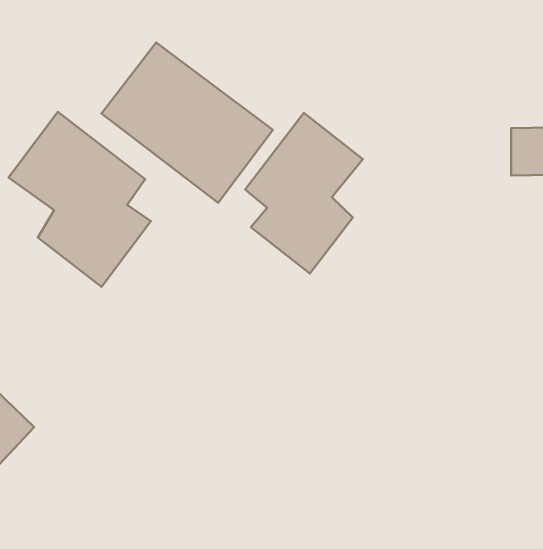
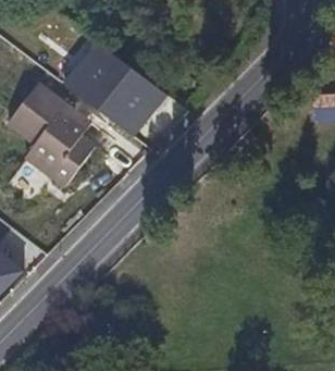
building: [245,113,363,274] -> none

